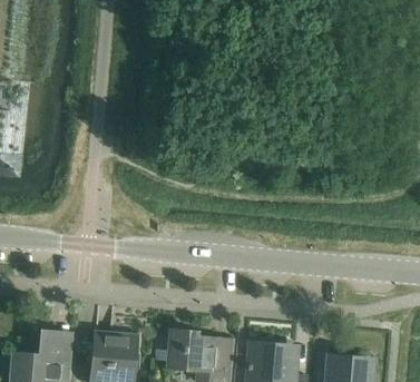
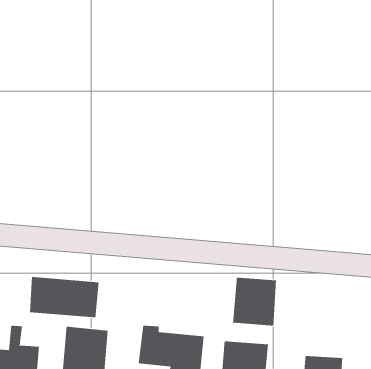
building: none -> [30,276,99,318]
building: none -> [233,277,277,326]

